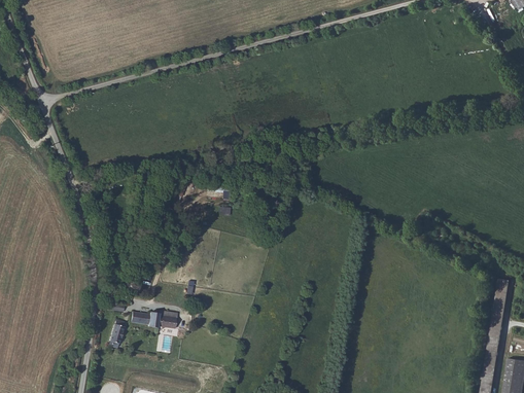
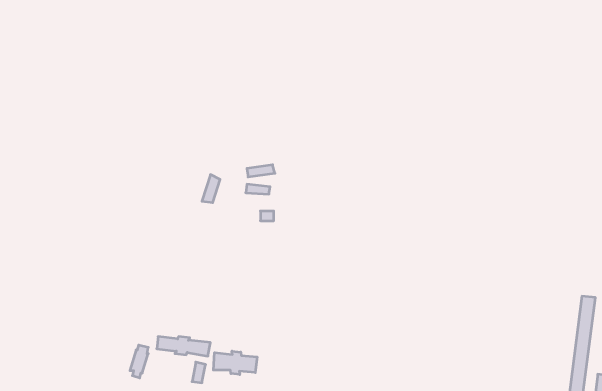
building: none -> [213,351,257,375]

